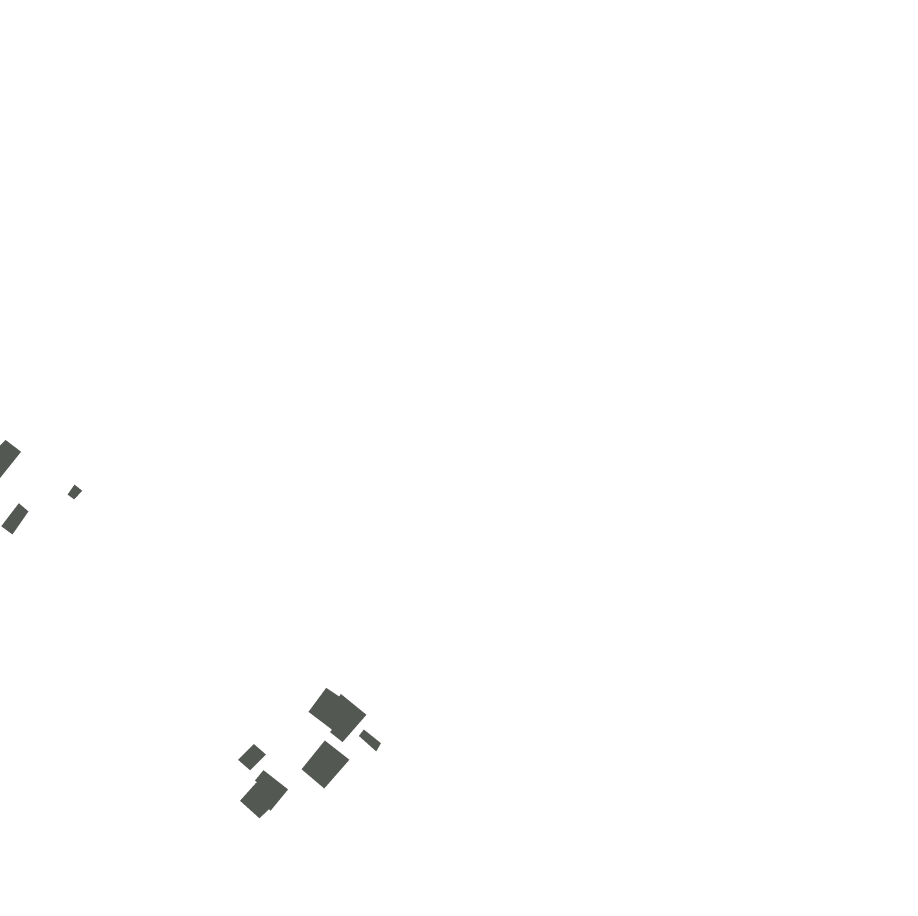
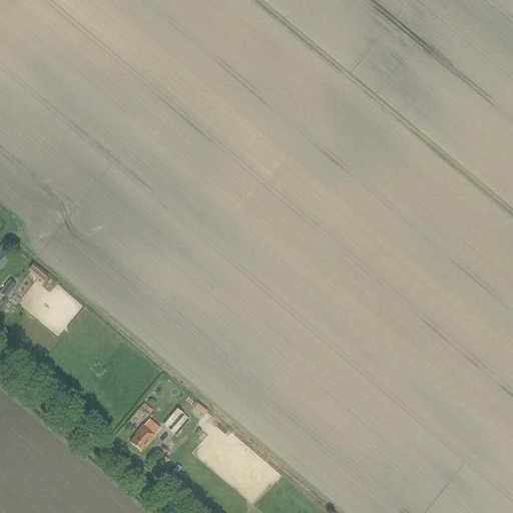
building: [307,687,367,743] -> none

